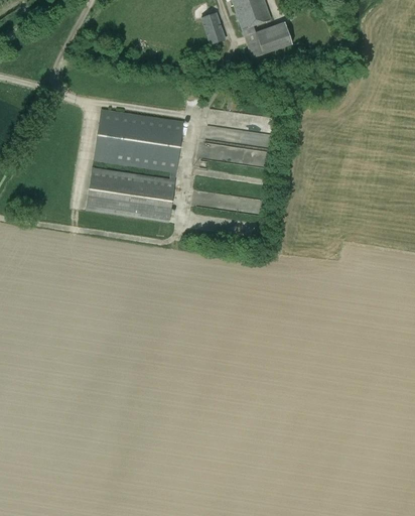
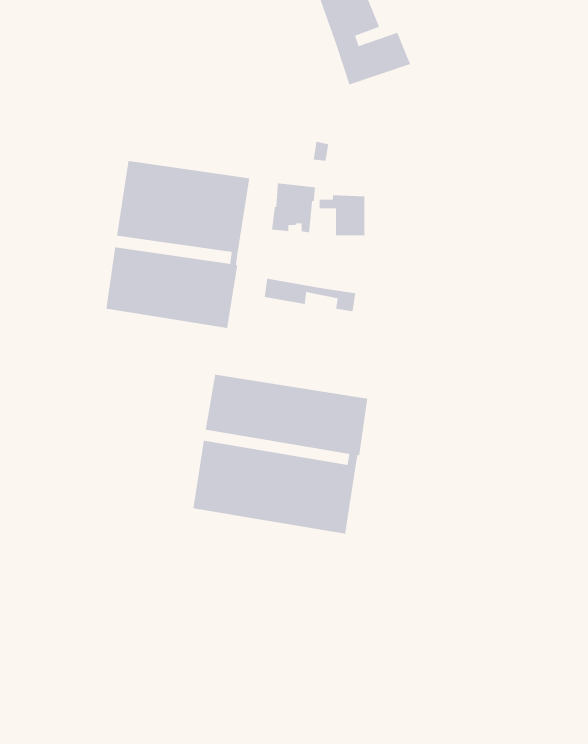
building: [200,12,226,45] -> none
building: none -> [193,374,368,534]

